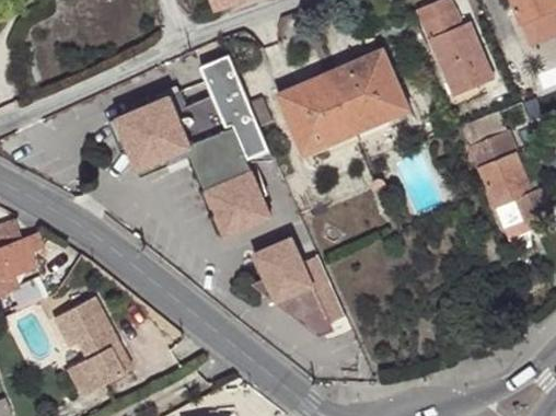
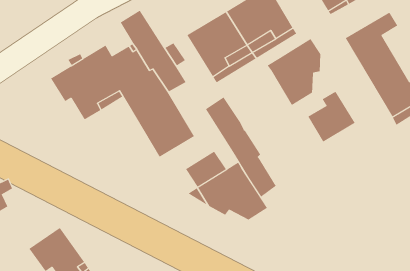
building: none -> [267,38,321,106]
building: none -> [205,96,276,197]
building: none -> [308,91,356,142]

